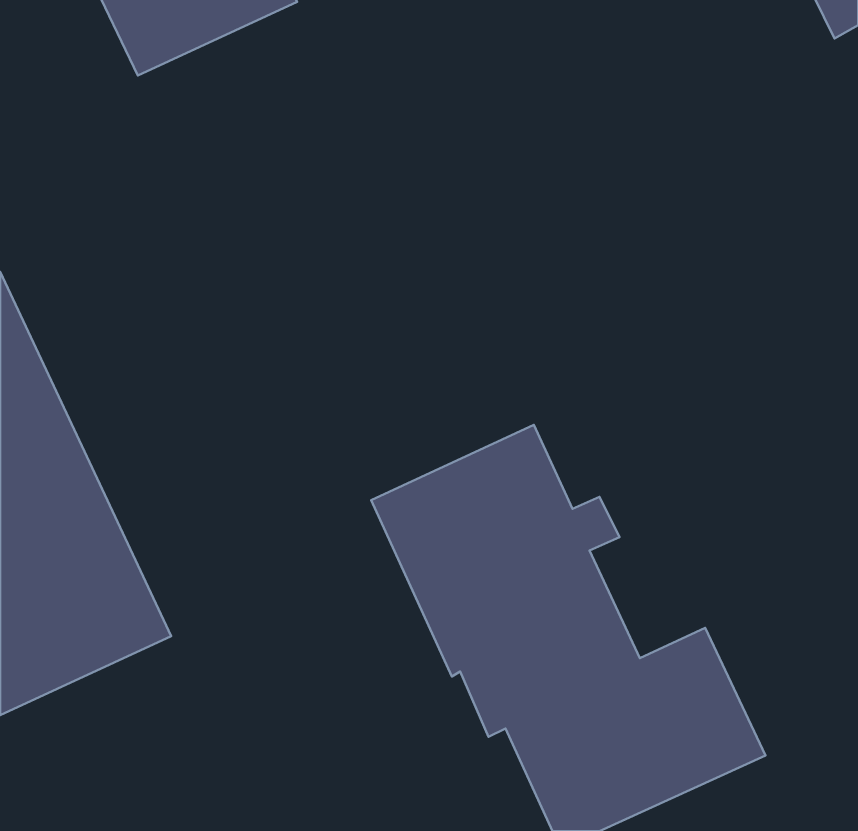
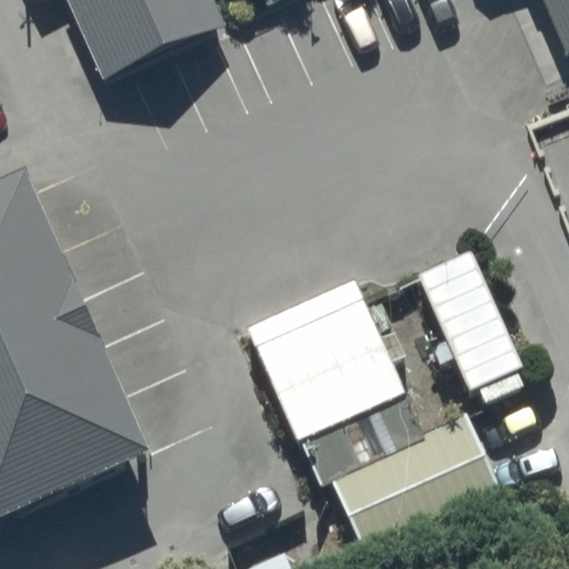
building: none -> [419,251,525,406]

